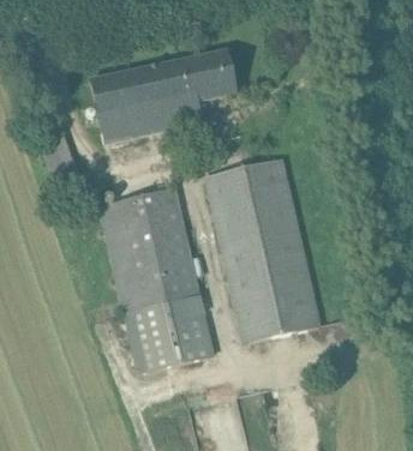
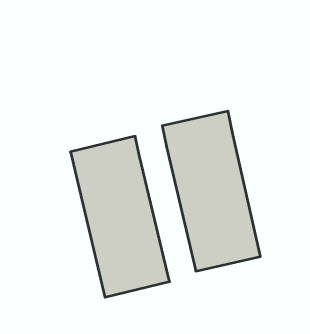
building: [91,49,237,142] -> none

